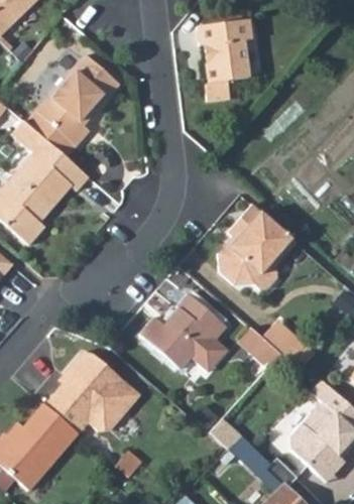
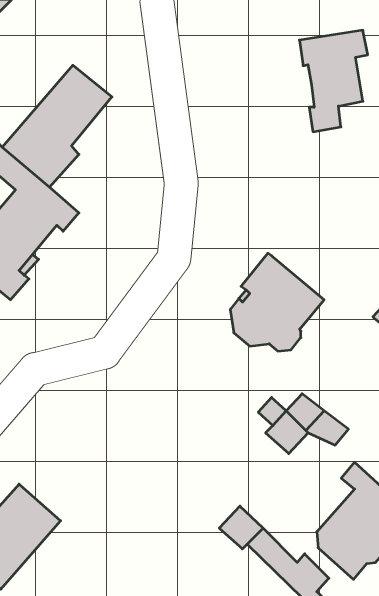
building: [195,16,251,100] -> [299,30,368,132]
building: [139,292,228,372] -> none
building: [43,348,142,434] -> none

